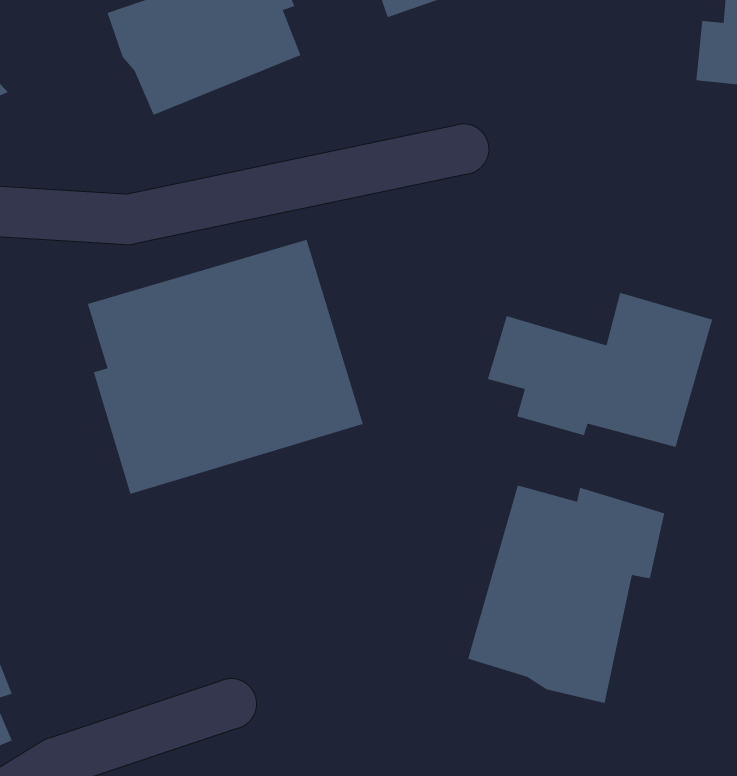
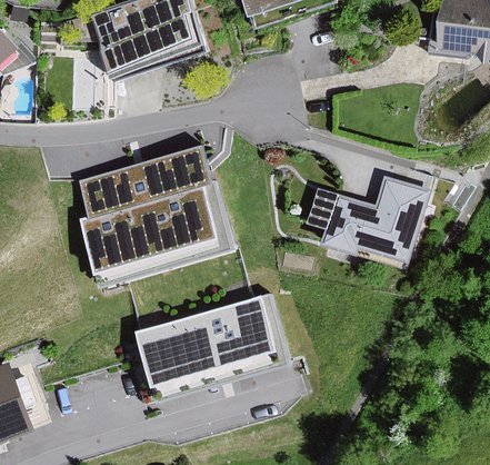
building: [467,484,665,704] -> none
building: none -> [137,295,282,389]

